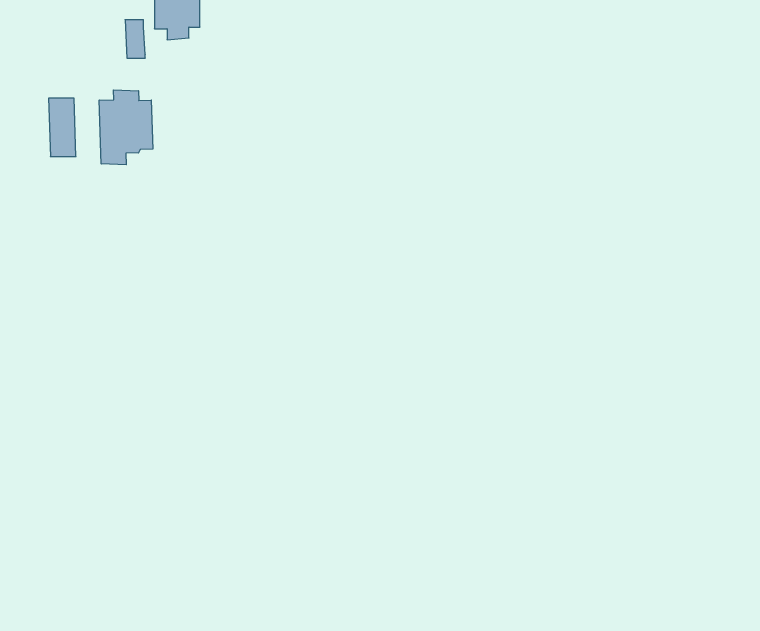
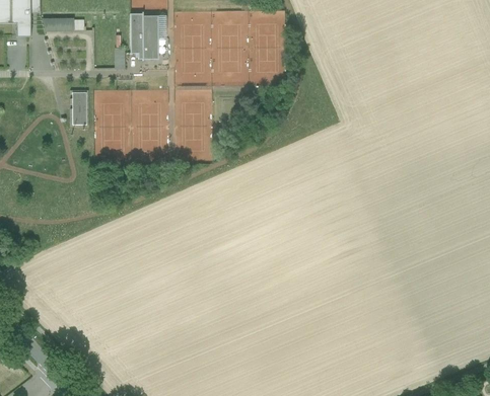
building: [99,90,153,165] -> none

